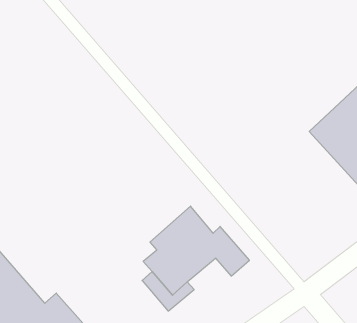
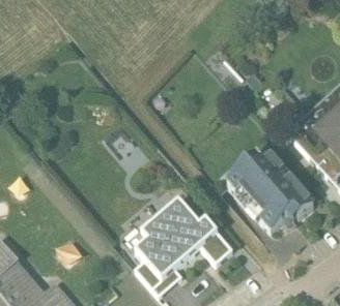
building: none -> [227,151,313,227]

